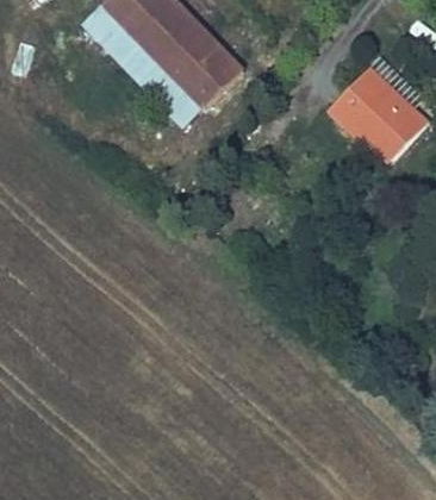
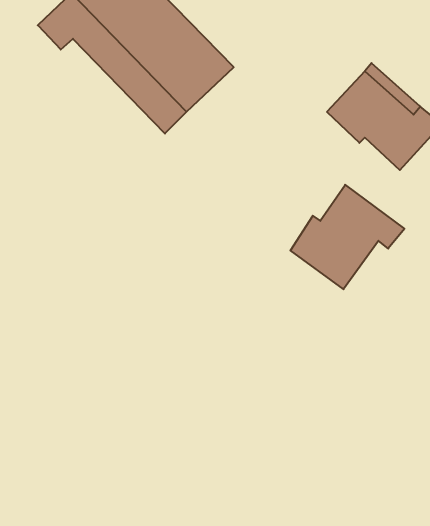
building: none -> [290,185,404,289]

